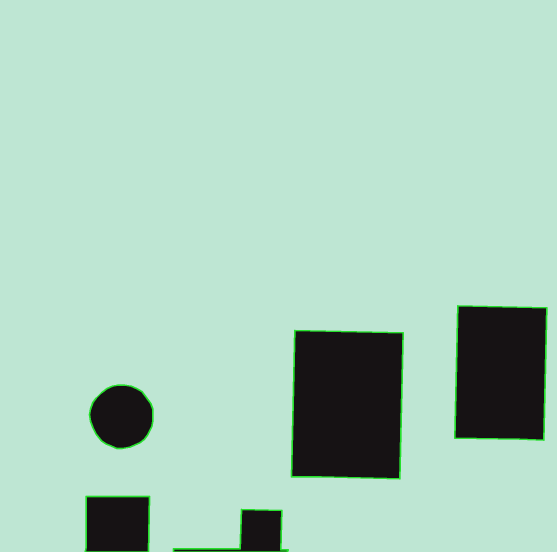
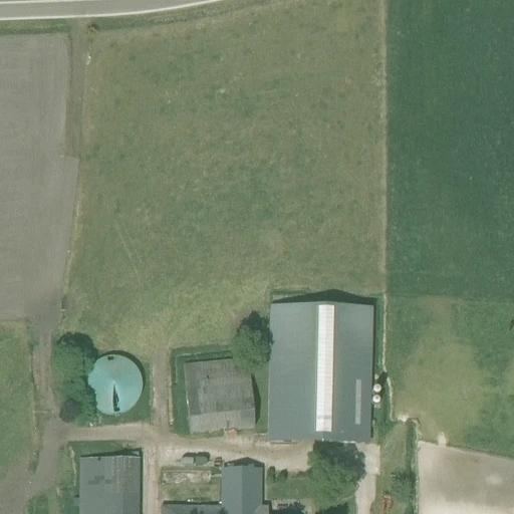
building: [455,306,547,440] -> none
building: none -> [185,357,253,431]

